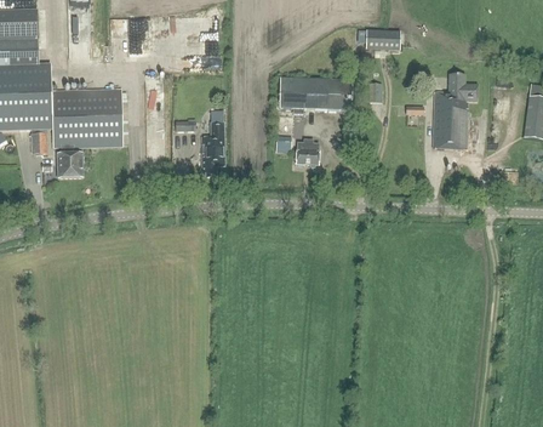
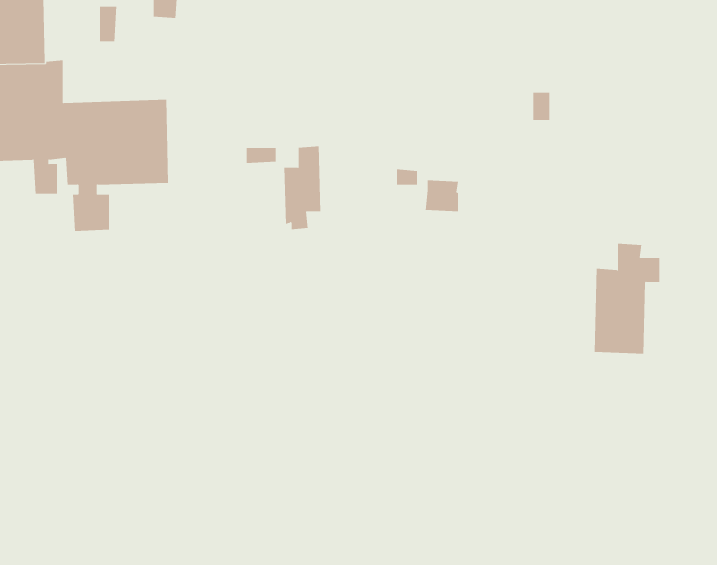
building: [365,29,400,50] -> none
building: [433,73,478,148] -> [594,243,660,354]
building: [279,74,349,113] -> none

